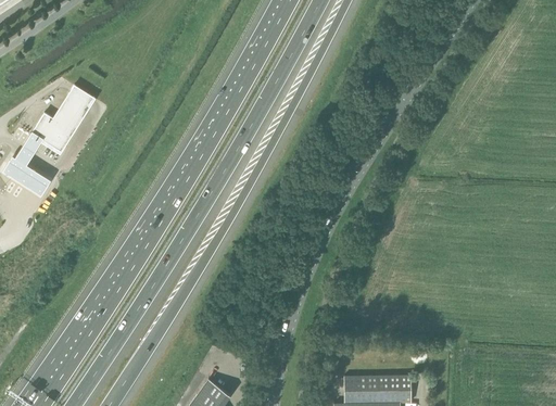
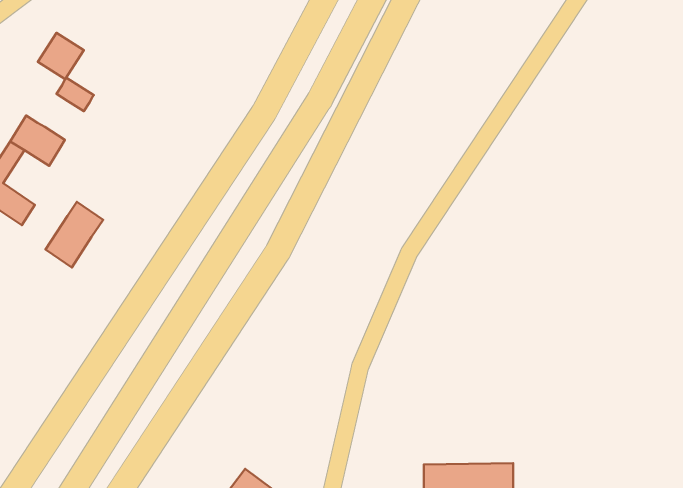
building: [52,98,87,132] -> [38,33,84,79]
building: none -> [46,202,103,268]

